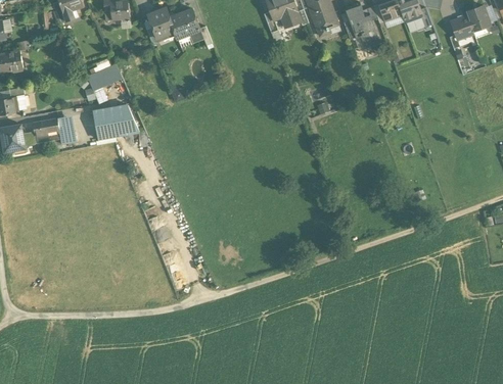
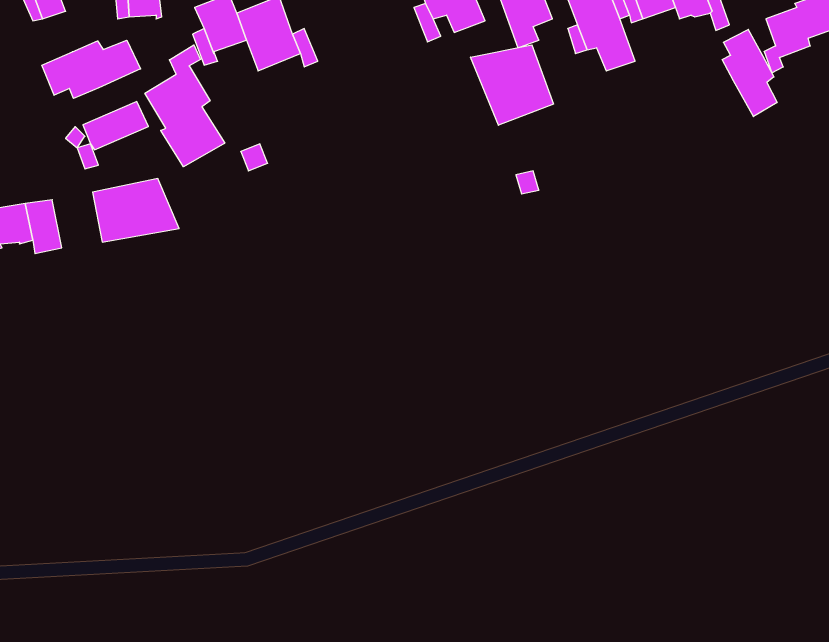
building: none -> [722,29,777,117]
building: none -> [42,40,141,98]
building: none -> [145,45,225,167]
building: none -> [471,45,554,125]

